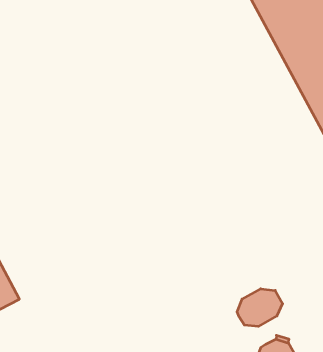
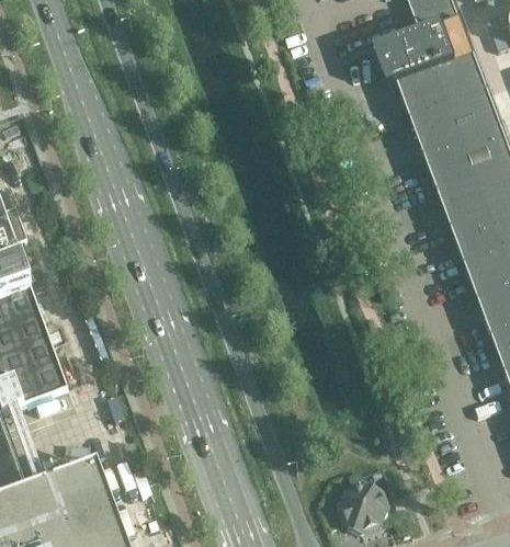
building: [237,289,283,326] -> none

